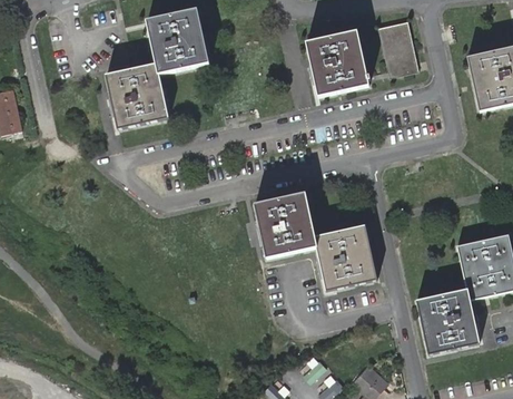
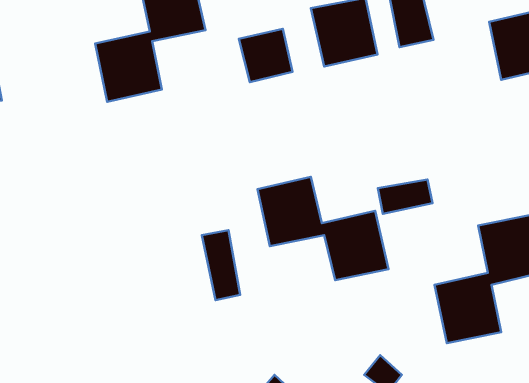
building: none -> [239,29,293,82]
building: none -> [378,180,433,214]
building: none -> [202,230,240,300]

